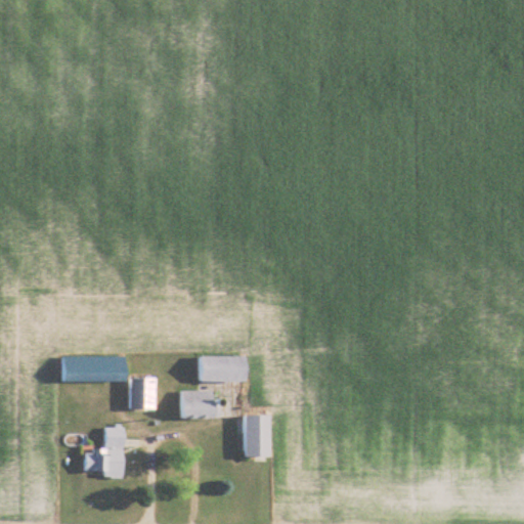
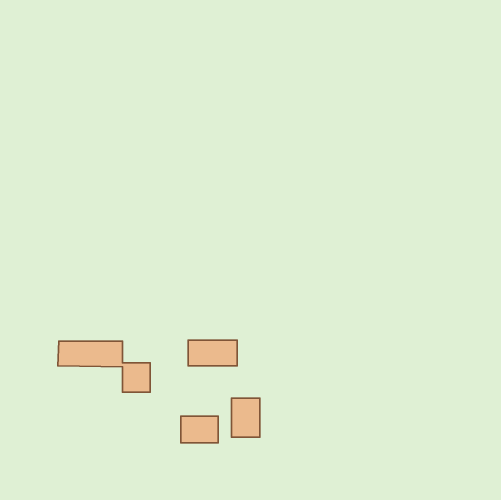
building: [179,391,218,419] -> [181,416,218,443]
building: [83,427,125,475] -> none

